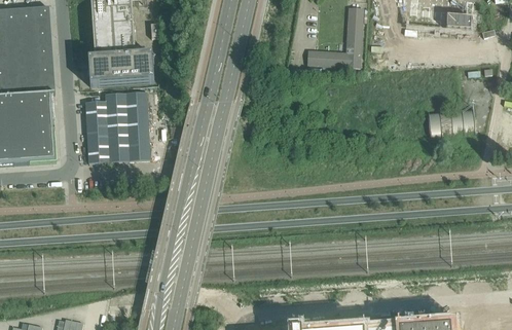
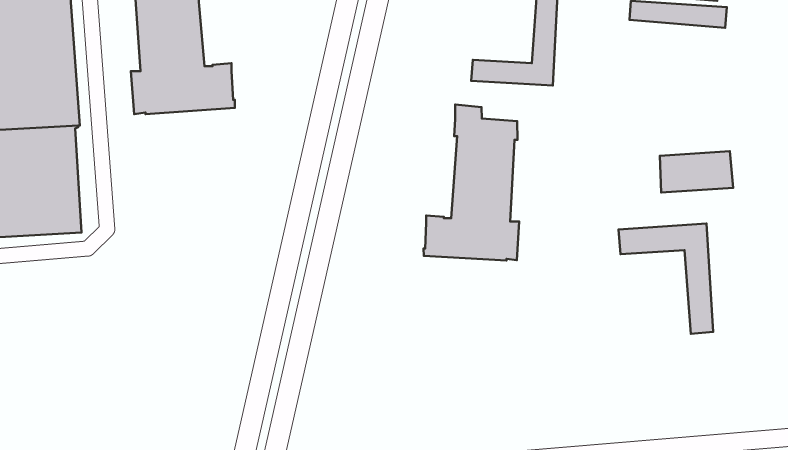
building: none -> [424,105,519,260]
building: [84,91,149,162] -> none
building: none -> [618,224,713,334]

